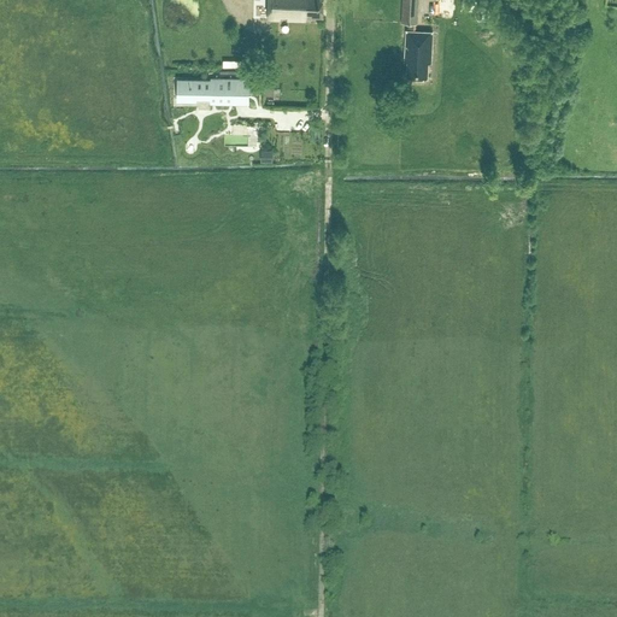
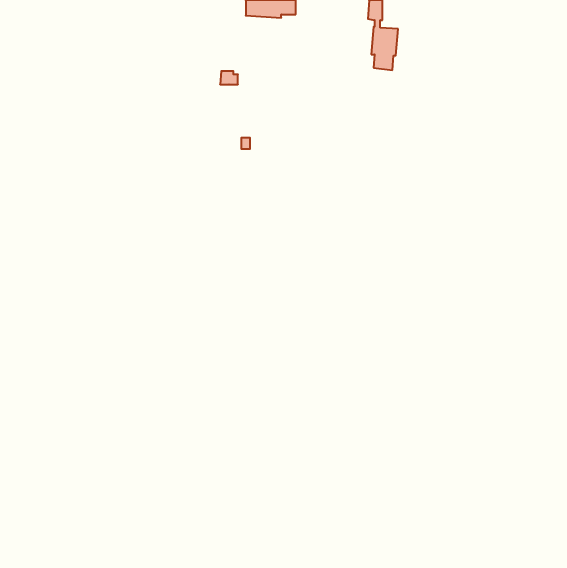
building: [183,76,233,102] -> none

